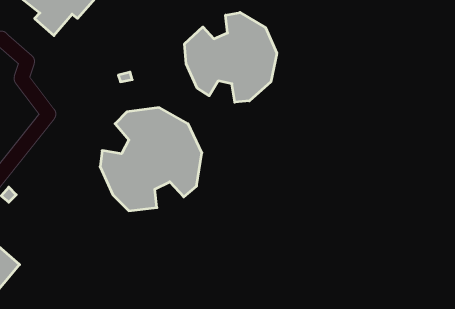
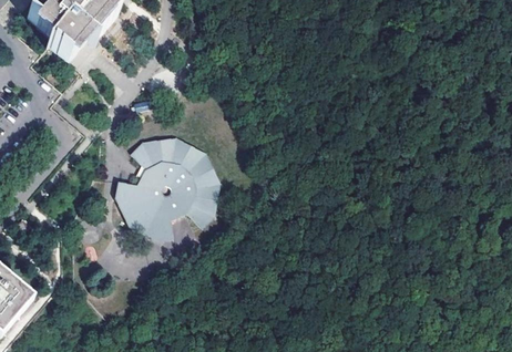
building: [185,12,277,102] -> none

